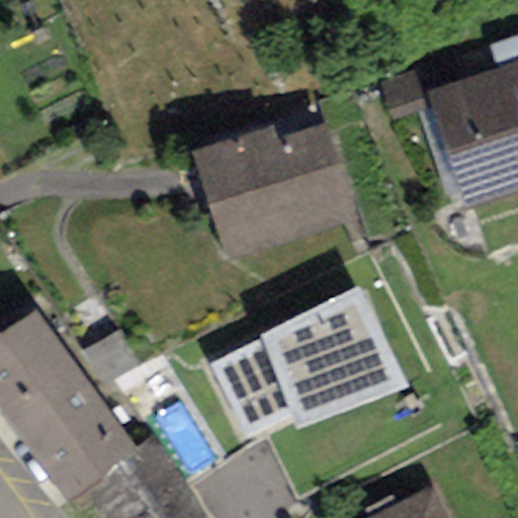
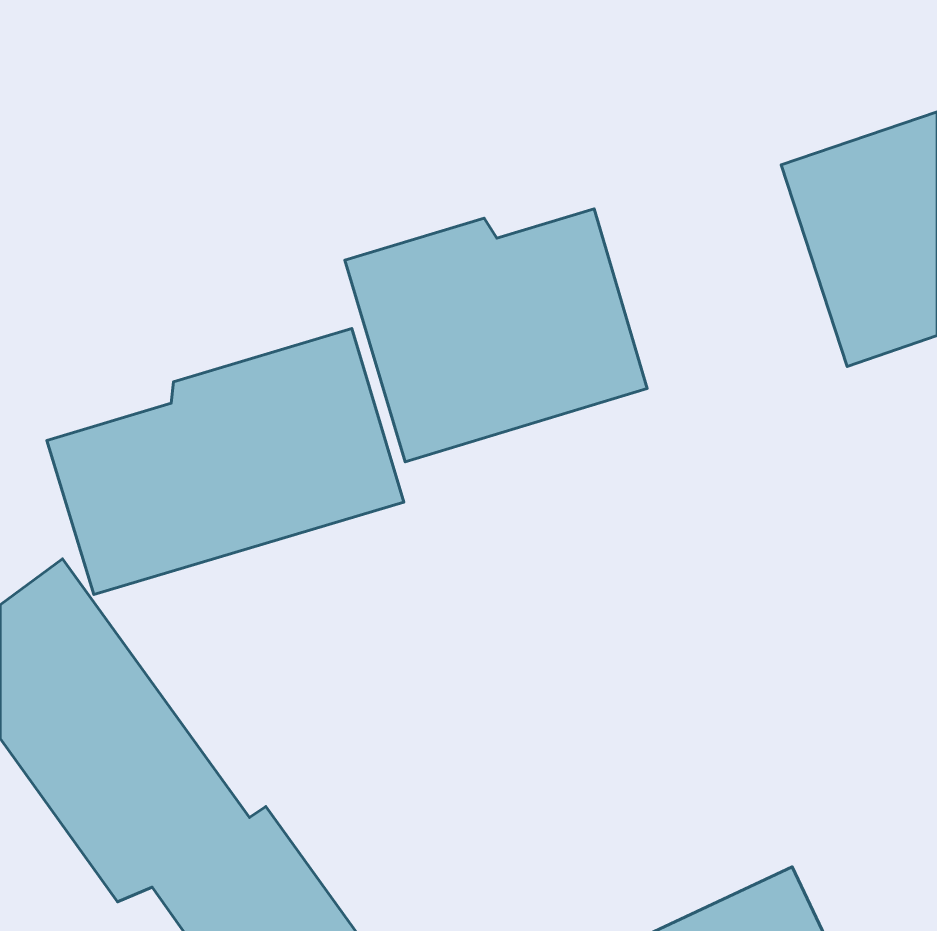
building: none -> [47,329,404,594]
building: [208,286,409,435] -> none

